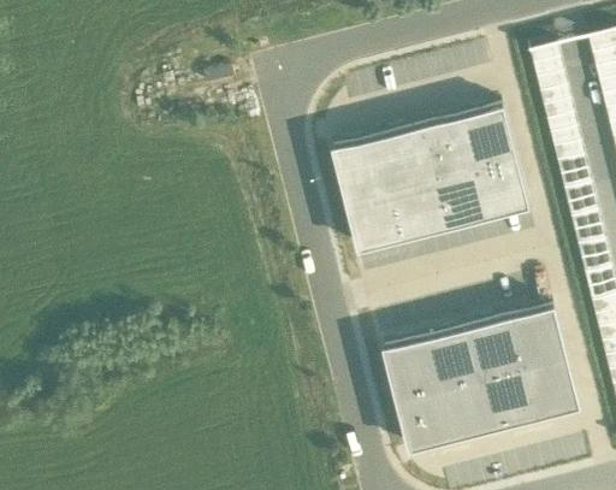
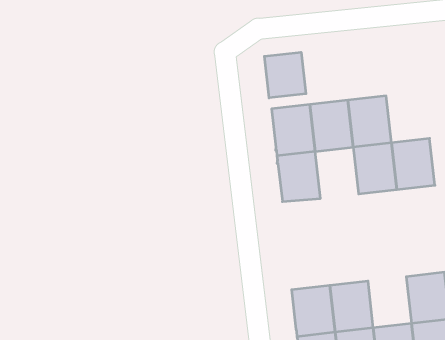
building: none -> [264,52,306,98]
building: [461,106,516,169] -> none
building: [390,179,445,242] -> none
building: [469,317,525,379] -> none

